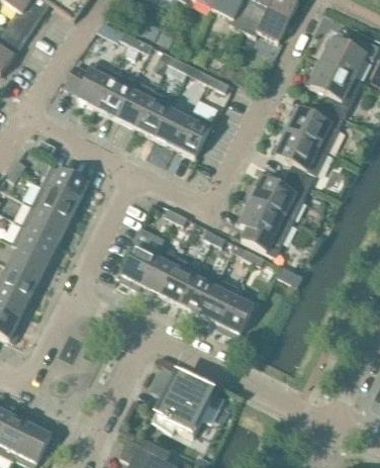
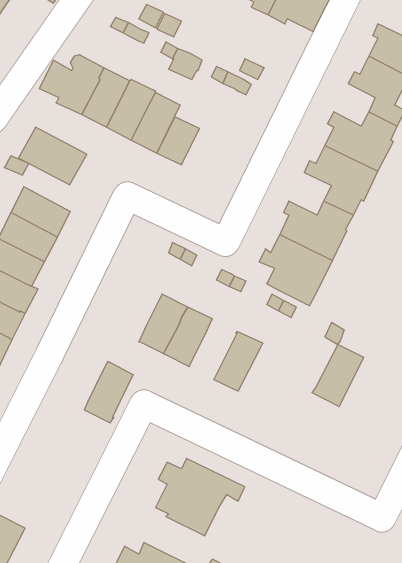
building: [174,110,212,156] -> none
building: none -> [19,127,87,185]
building: [118,241,157,288] -> [84,362,133,423]
building: [180,268,217,313] -> none
building: [215,289,256,338] -> [312,345,364,407]

